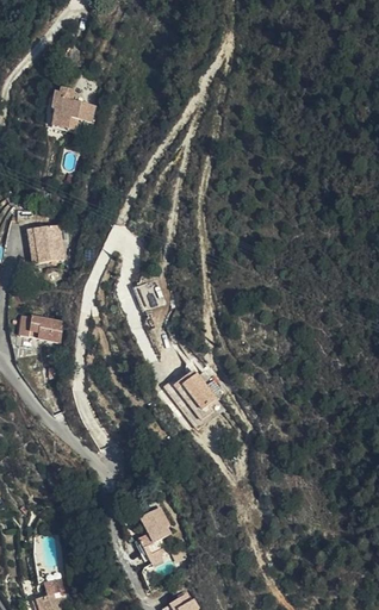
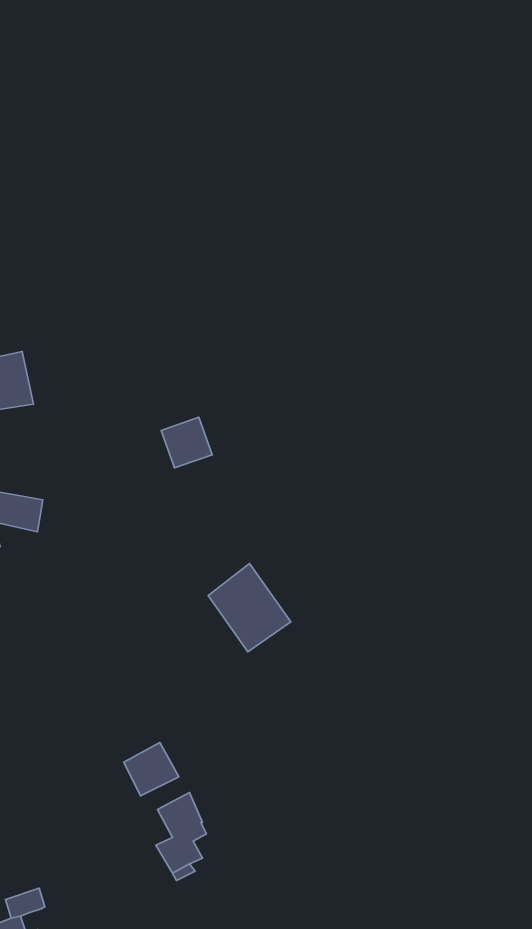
building: [52,86,95,132] -> none
building: none -> [124,743,179,796]

